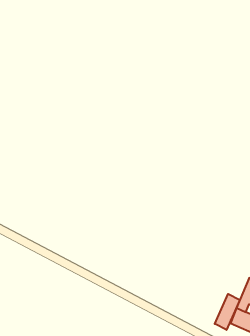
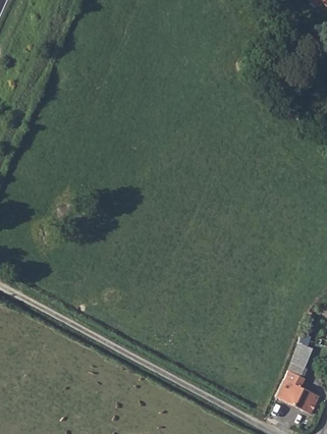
building: [215,294,240,330] -> none

